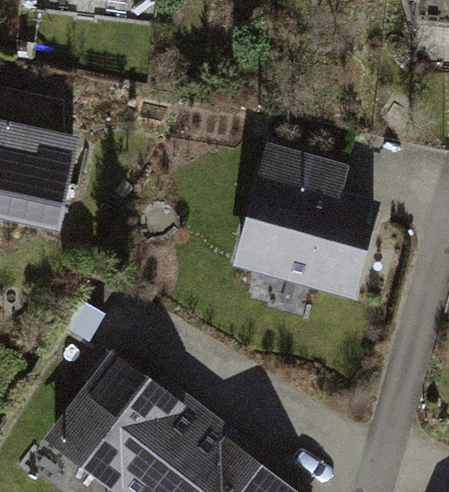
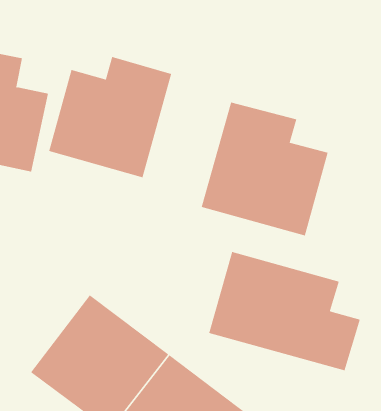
building: none -> [48,56,172,178]
building: none -> [209,251,361,371]

